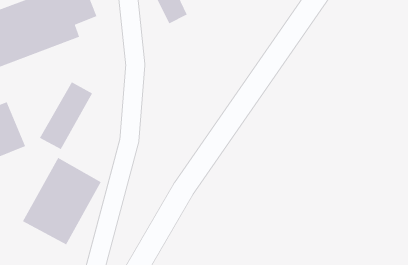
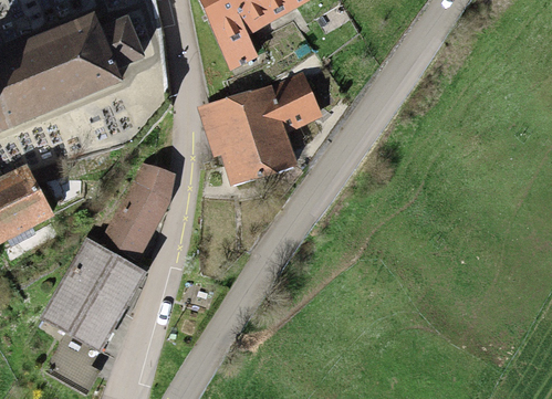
building: none -> [205,76,317,187]
building: [39,81,93,150] -> [107,164,177,252]

